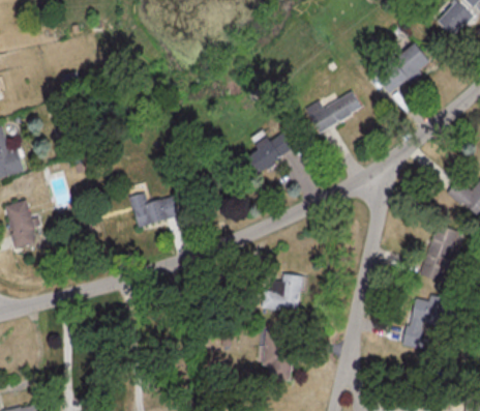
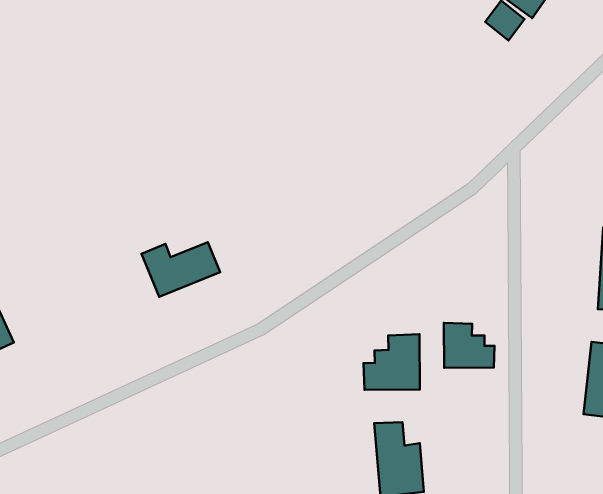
building: [306,90,363,133] -> none
building: [243,131,294,176] -> none
building: none -> [444,323,494,368]

